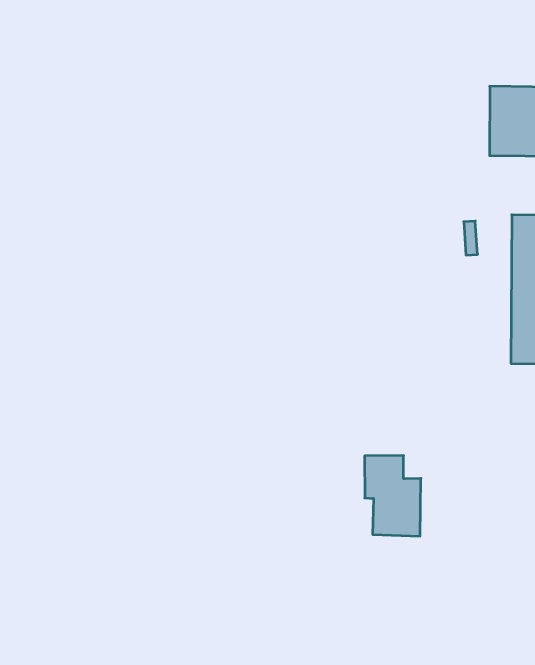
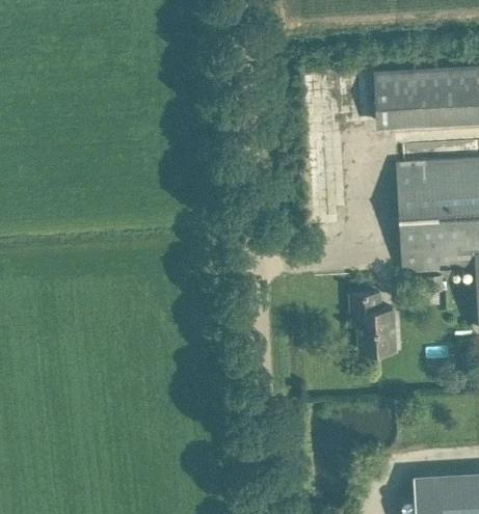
building: [365,456,421,536] -> [350,292,394,350]

